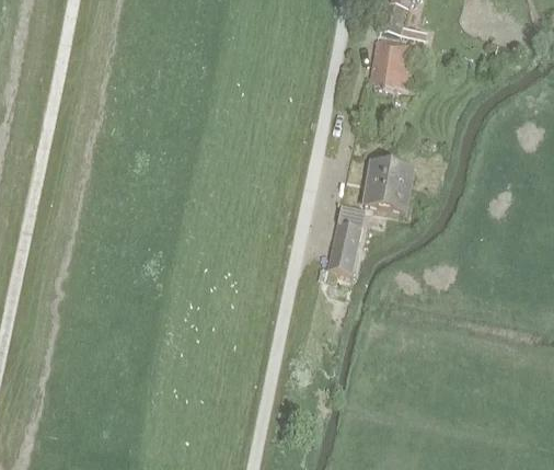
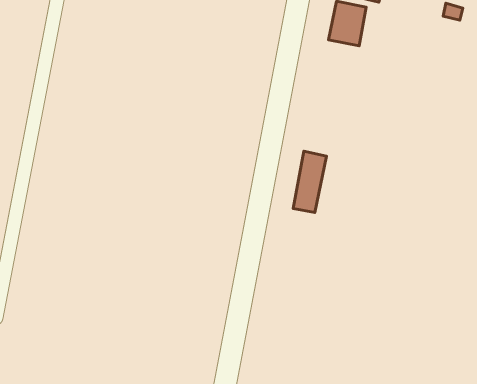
building: [362,160,414,211] -> none

